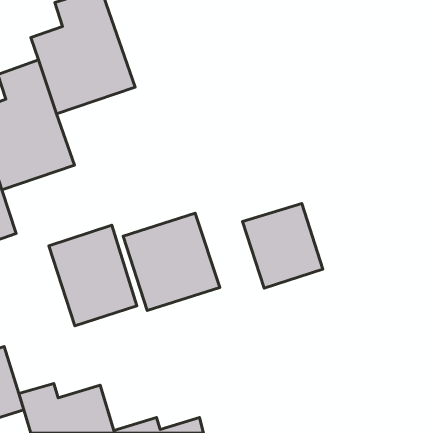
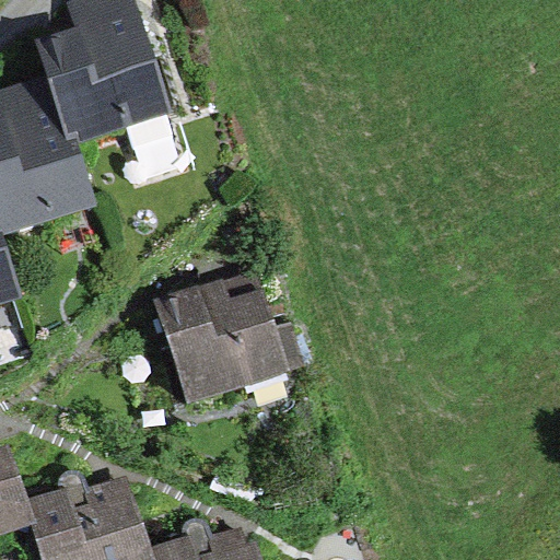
building: [242,203,323,288] -> none
building: [49,225,137,326] -> none

